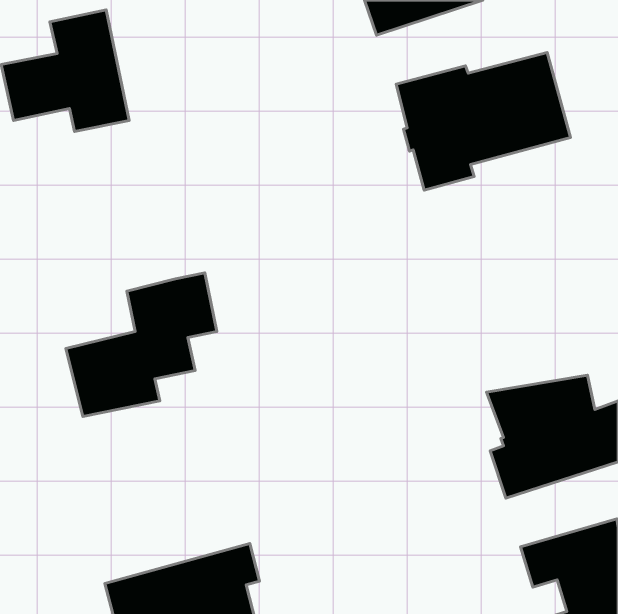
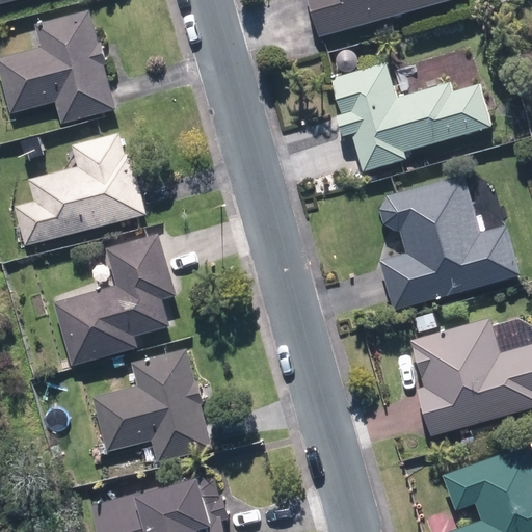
building: none -> [22,132,147,246]
building: none -> [375,167,514,305]
building: none -> [94,352,207,457]

